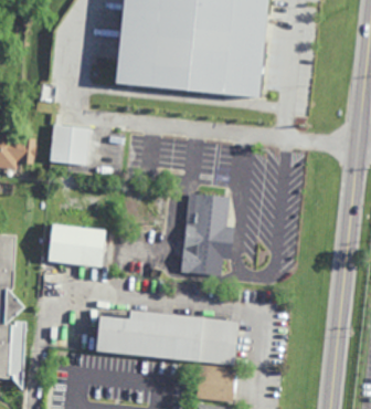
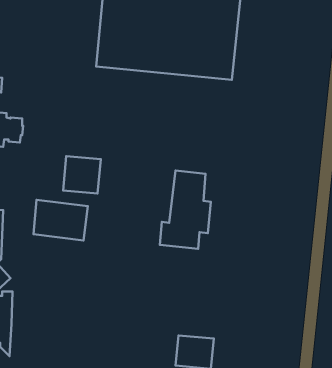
building: [49,123,88,162] -> [63,156,101,194]
building: [94,311,239,366] -> none

